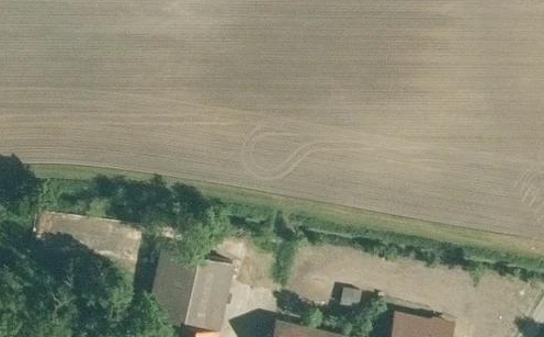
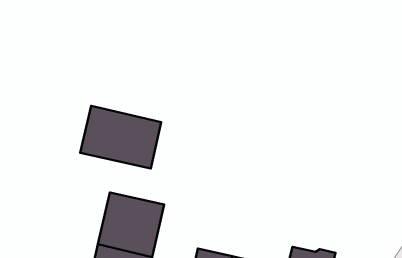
building: none -> [80,106,161,169]

